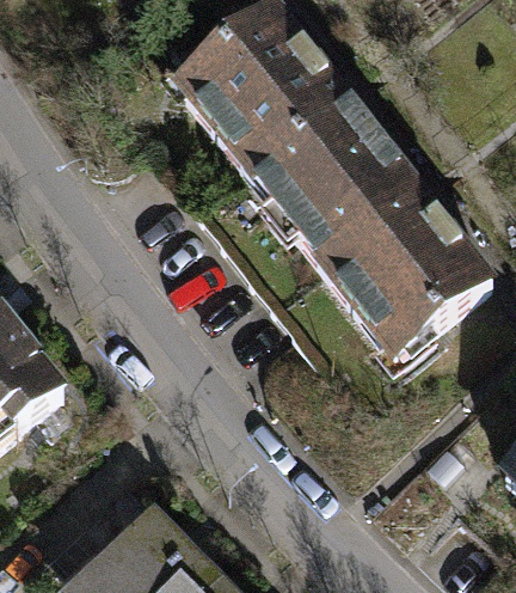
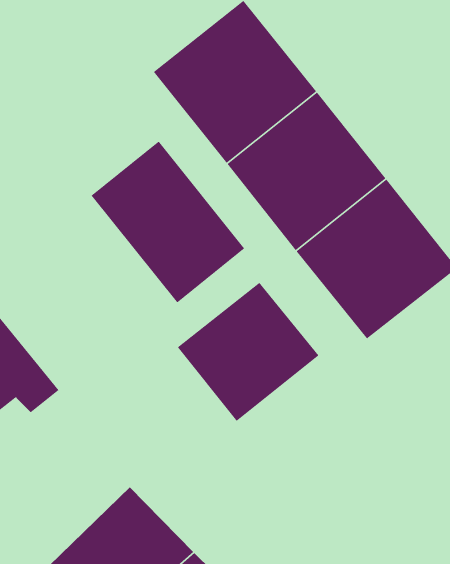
building: none -> [91,140,245,304]
building: none -> [177,282,320,422]

